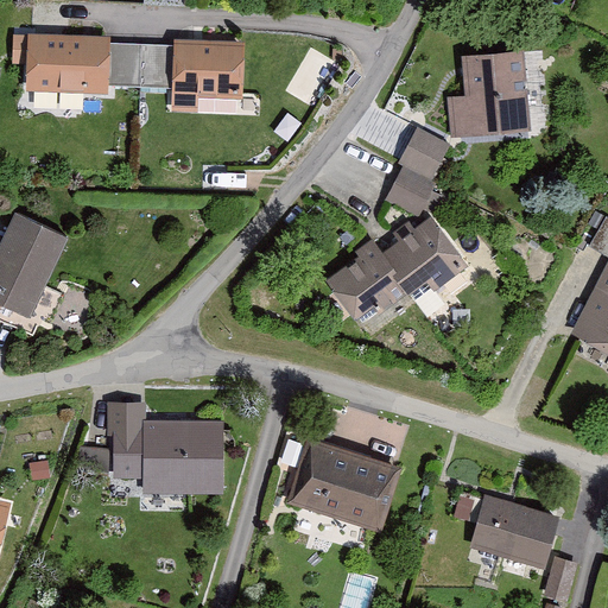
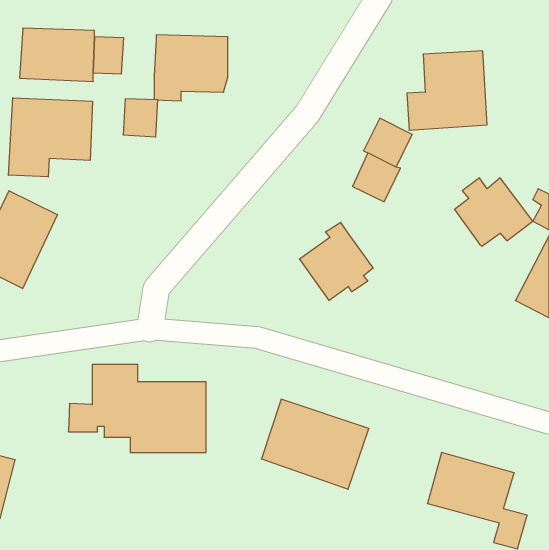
building: [133,42,171,83] -> [123,99,158,137]
building: none -> [8,98,92,177]
building: [381,221,467,296] -> [455,178,533,246]

